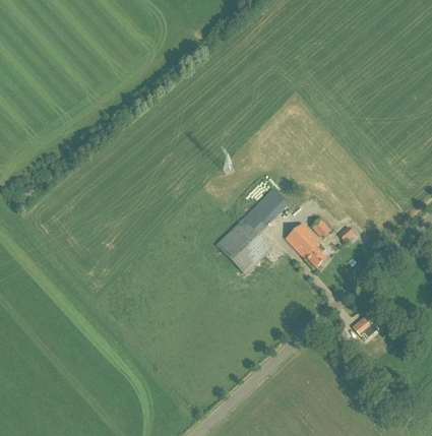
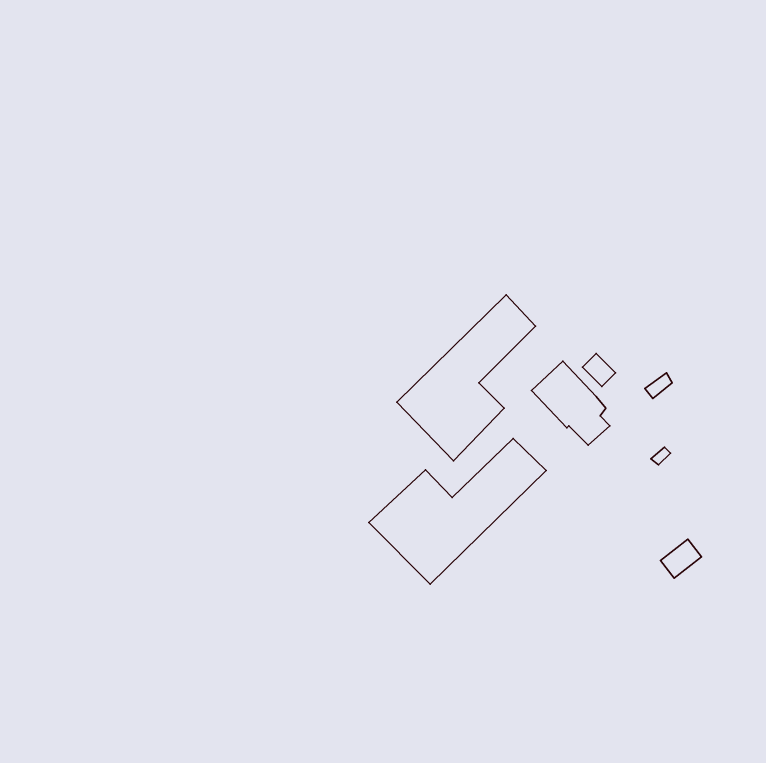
building: none -> [369,439,546,584]

